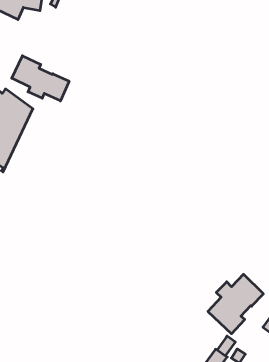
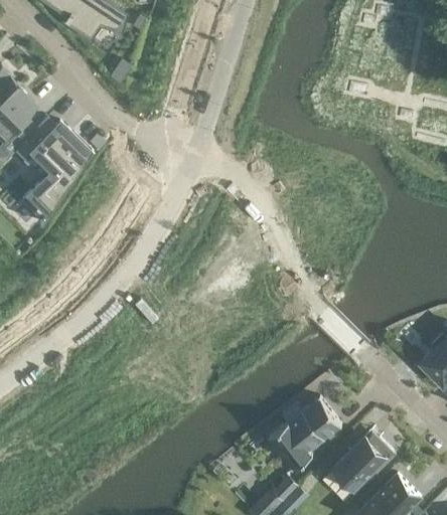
building: [12,56,69,101] -> none

